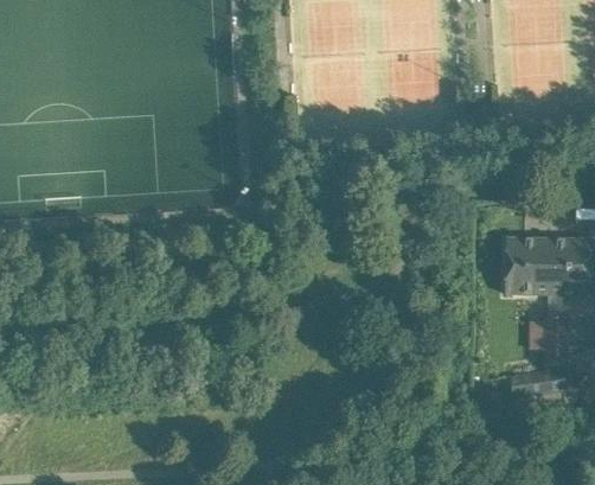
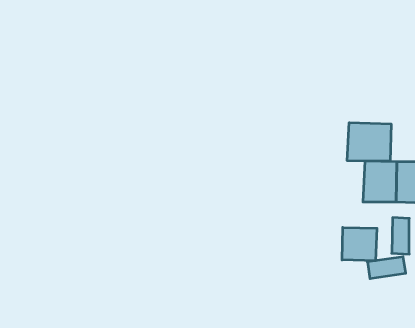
building: none -> [347,123,391,161]
building: none -> [342,227,377,261]

